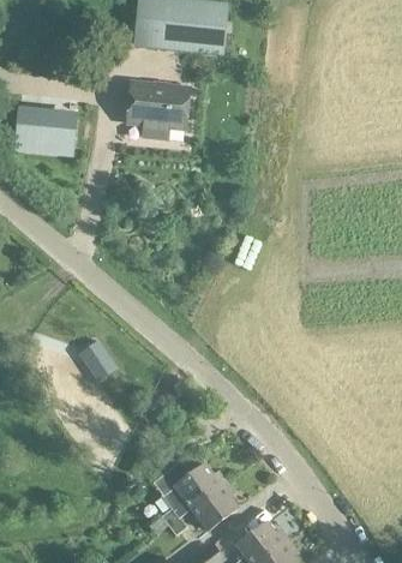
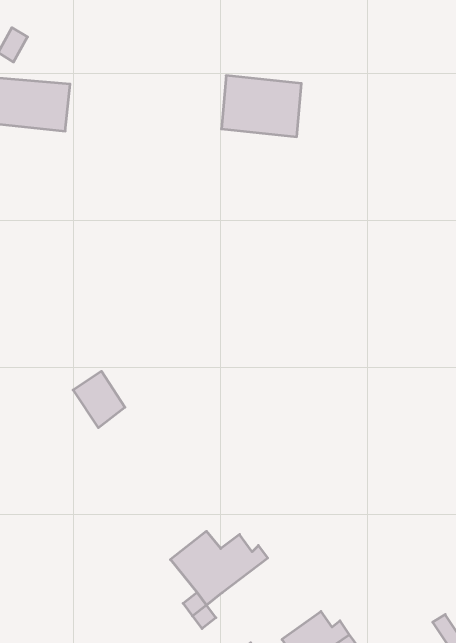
building: [127,82,188,128] -> [221,76,301,137]
building: [191,481,238,529] -> none

